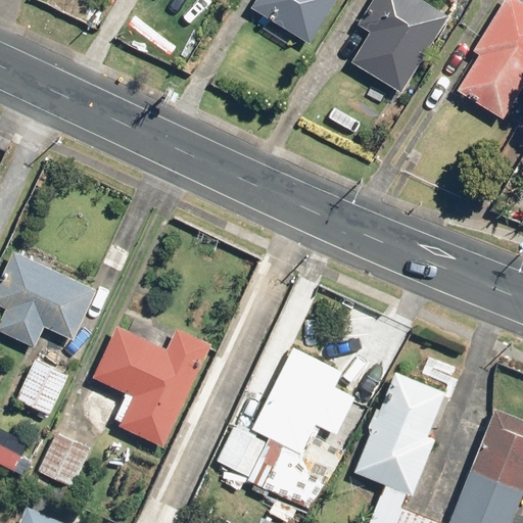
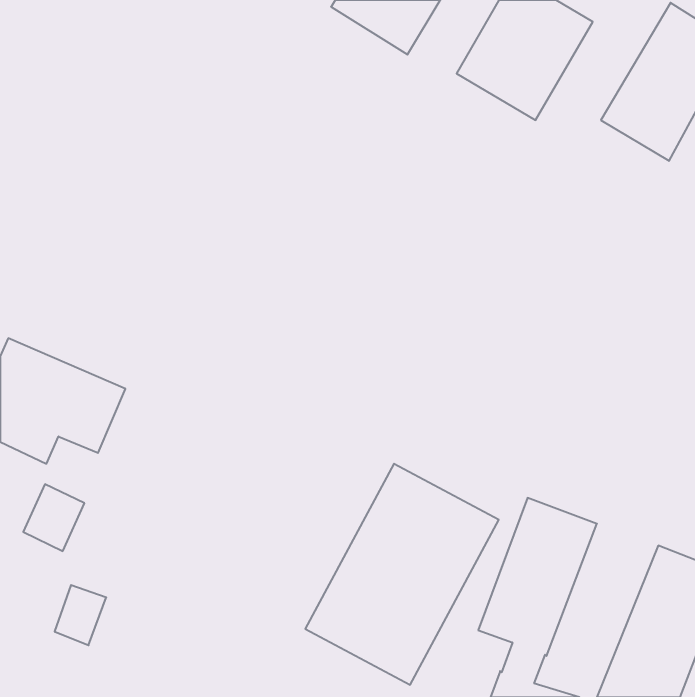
building: [92,326,209,445] -> none

